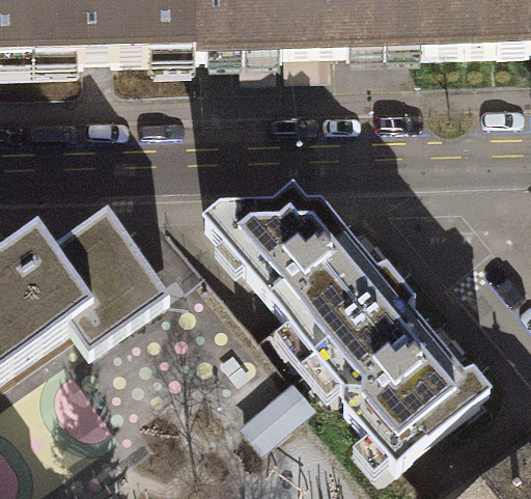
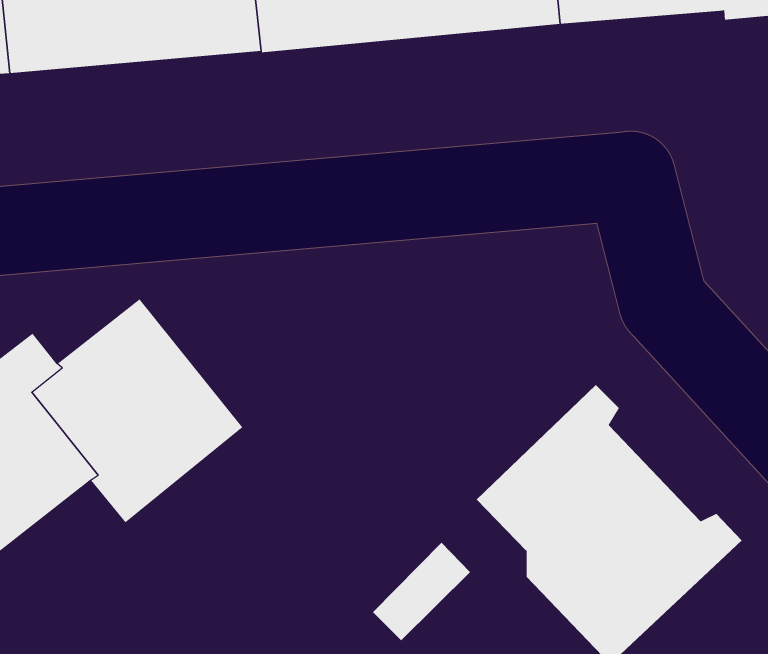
building: [206,190,398,351] -> none

